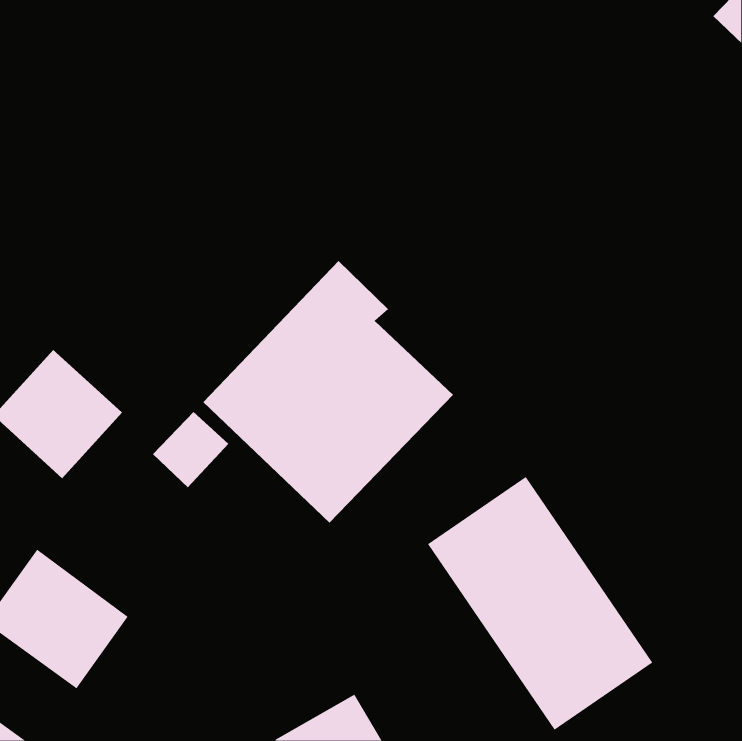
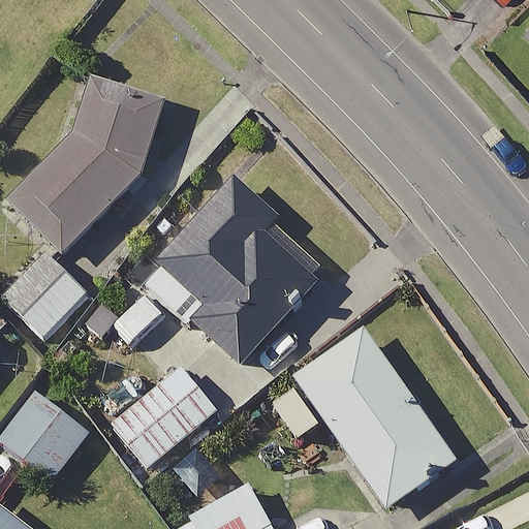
building: none -> [9,66,175,252]
building: none -> [110,365,217,468]

